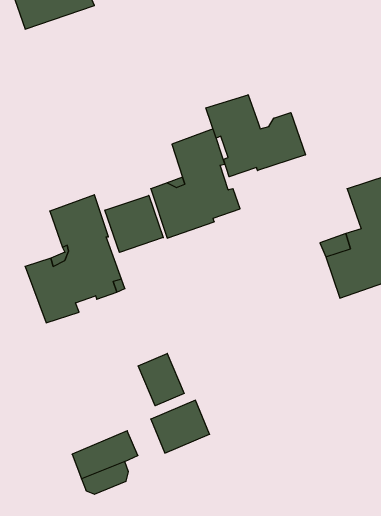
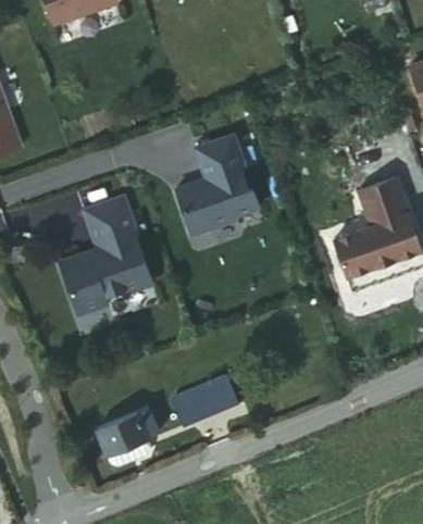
building: [206,95,305,177] -> none
building: [105,195,163,252] -> none
building: [138,353,184,406] -> none

